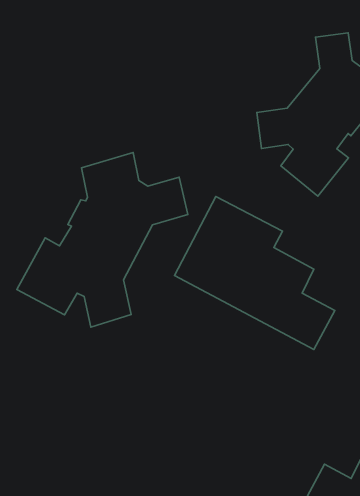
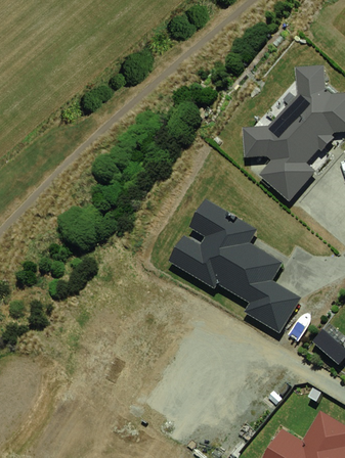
building: [17,153,188,327] -> none

